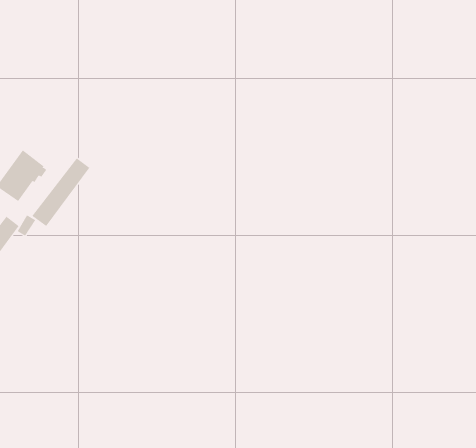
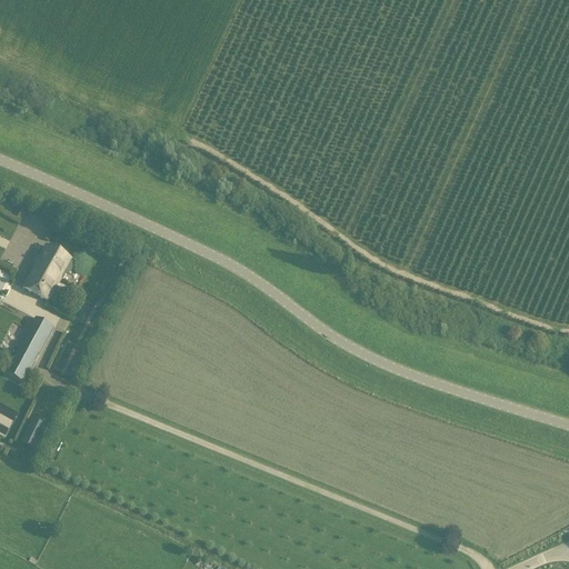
building: [31,158,90,227] -> none

